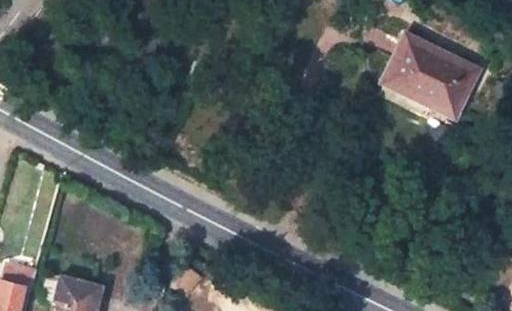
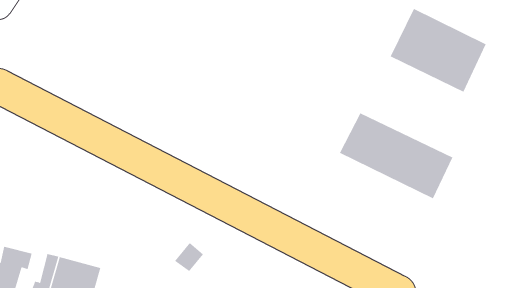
building: none -> [339,112,453,199]

